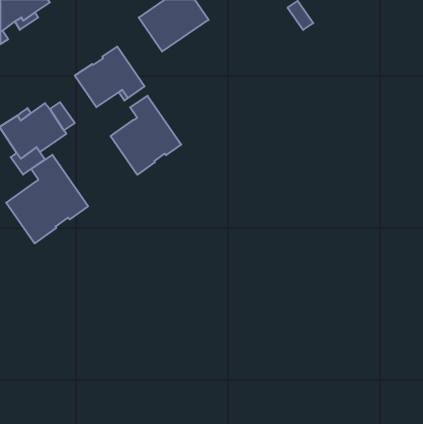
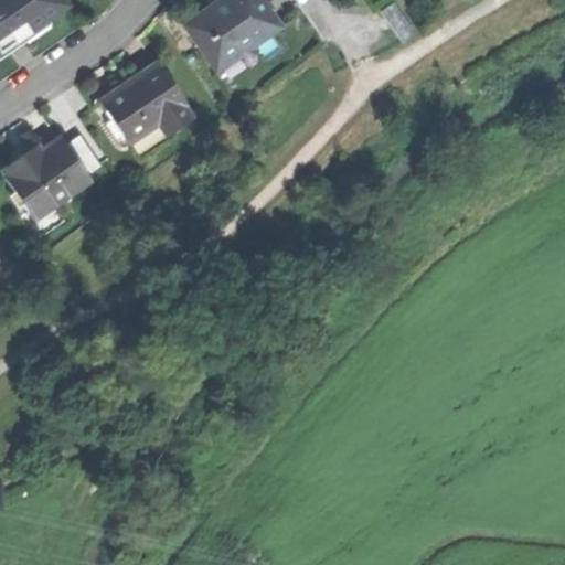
building: [111,96,181,175] -> none
building: [6,155,88,243] -> none

